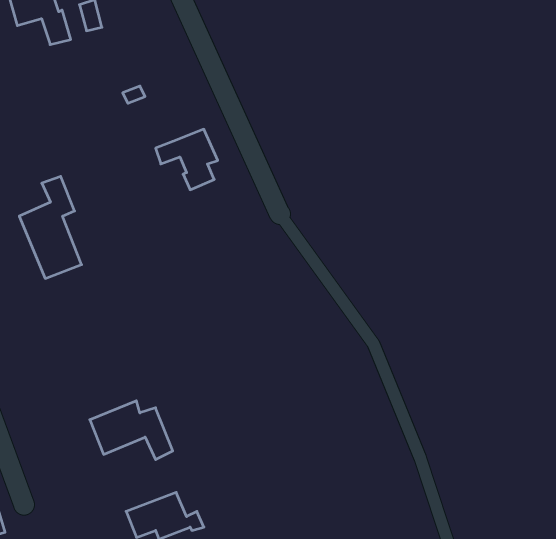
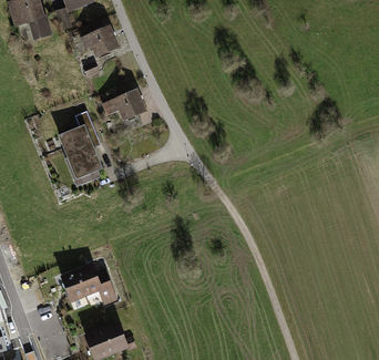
building: none -> [81,27,116,55]
building: [19,176,82,278] -> [60,111,100,176]

